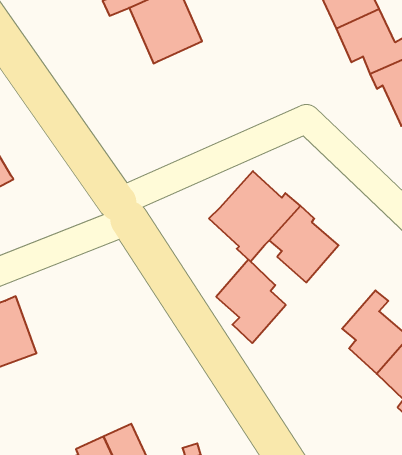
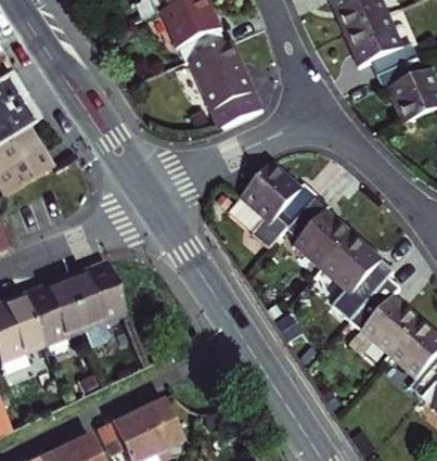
building: none -> [184,40,264,128]
building: [216,260,286,343] -> [323,233,388,311]
building: none -> [51,262,120,346]

